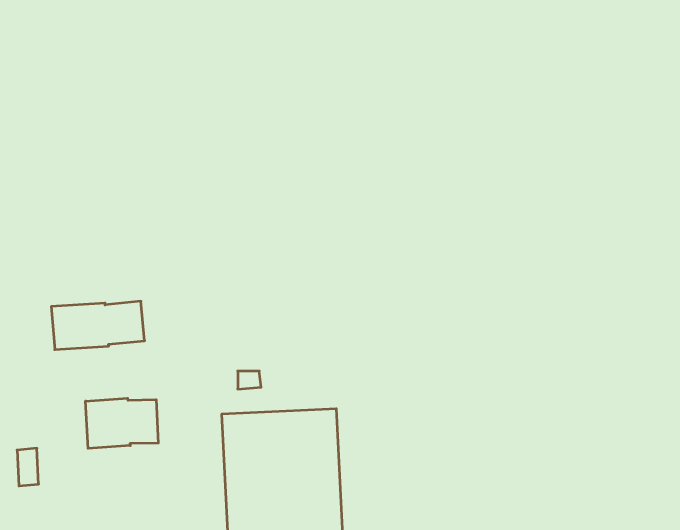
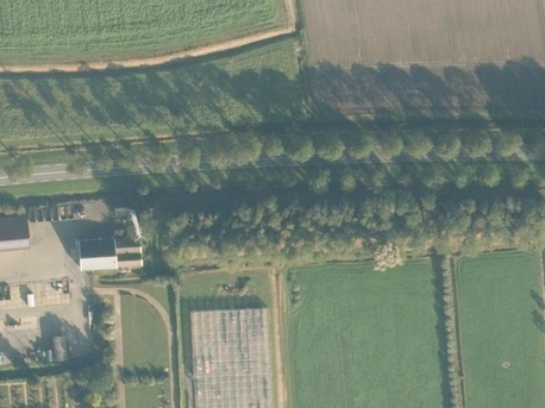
building: [86,398,158,448] -> none

